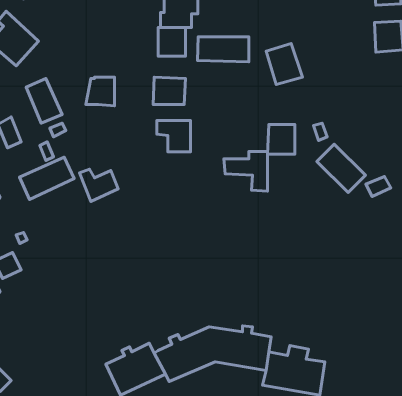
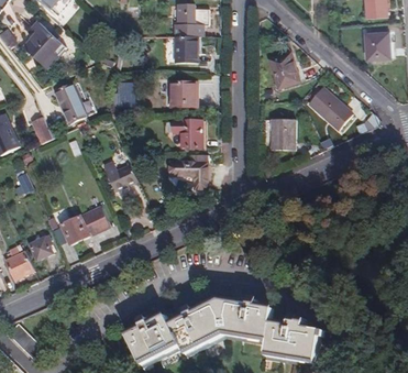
building: [198,37,249,62] -> none
building: [317,144,365,192] -> [308,87,351,130]
building: [224,152,268,191] -> [168,155,207,190]
building: [19,157,74,199] -> [62,207,110,244]

